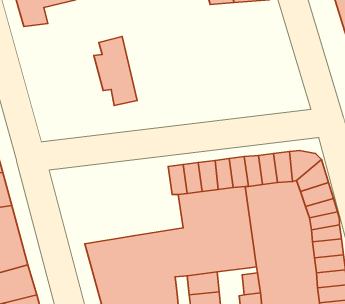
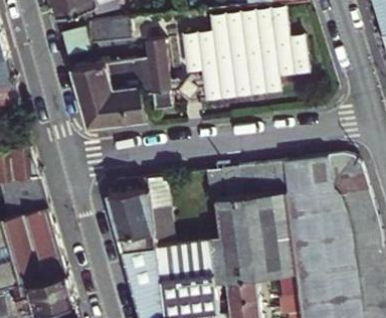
building: none -> [182,11,306,97]
building: none -> [61,25,137,56]
building: none -> [71,60,147,125]
building: none -> [108,177,171,250]

